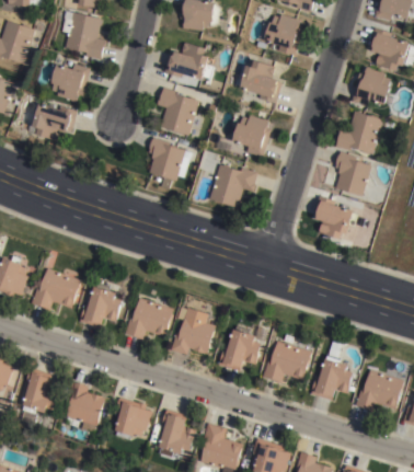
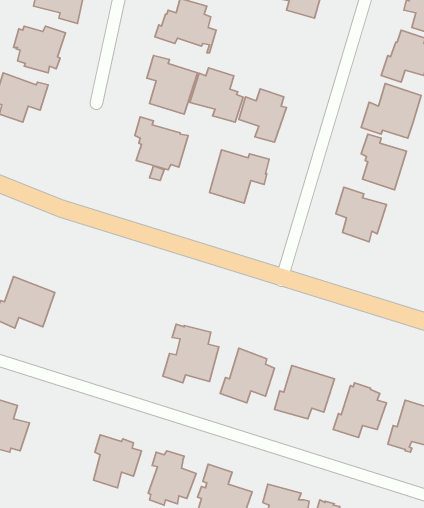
building: [239,58,283,103] -> [190,68,243,122]
building: [79,285,123,329] -> none
building: [124,299,174,339] -> none
building: [64,381,104,433] -> none

